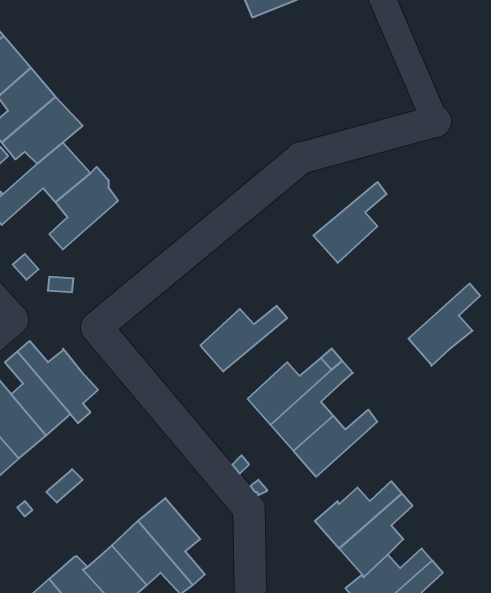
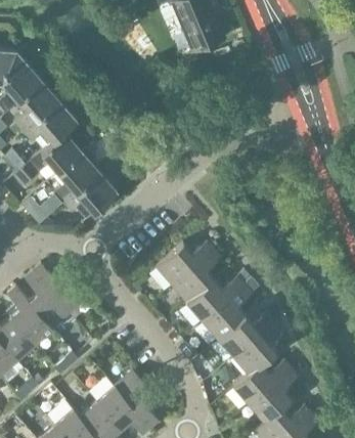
building: [313,182,387,263] -> [171,251,220,305]
building: none -> [63,173,117,215]
building: [408,284,480,366] -> [233,320,281,376]

